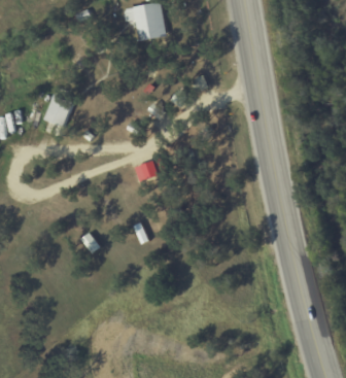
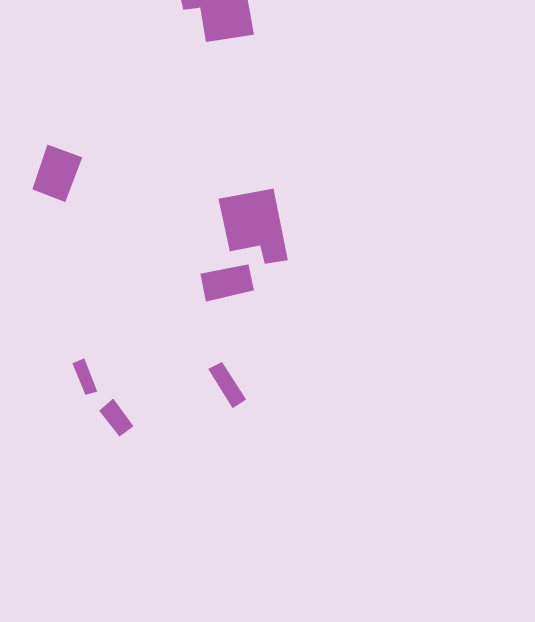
building: none -> [218,188,288,264]

